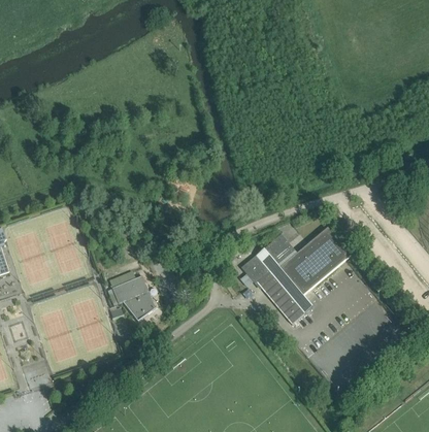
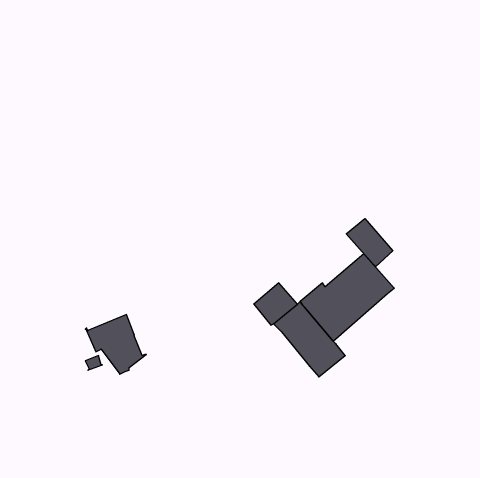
building: none -> [346,219,393,266]
building: [261,234,295,267] -> none

